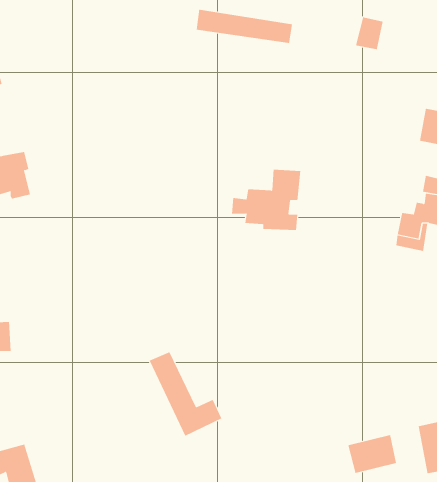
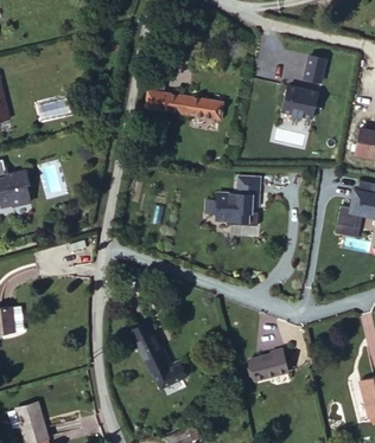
building: [196,9,293,43] -> [142,91,220,118]
building: none -> [279,86,316,120]
building: [347,435,397,473] -> [255,351,294,381]

